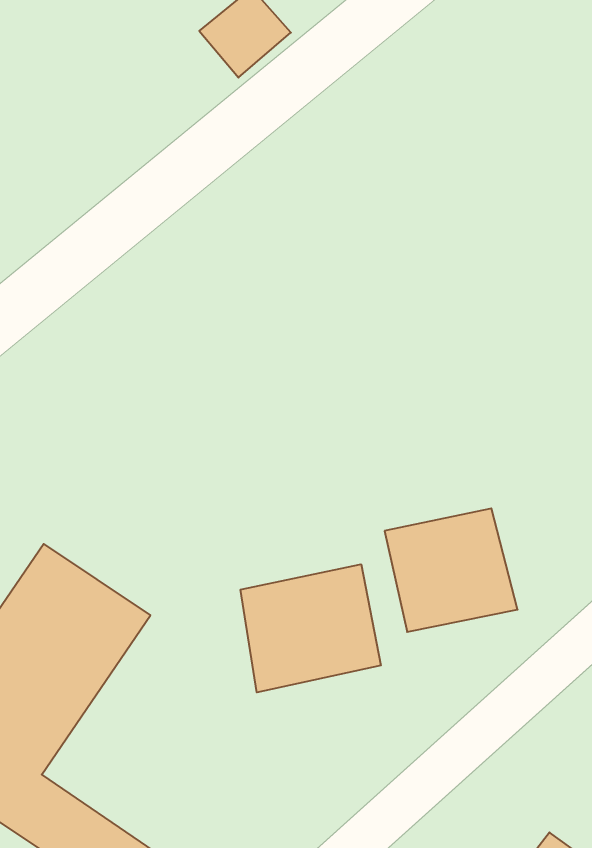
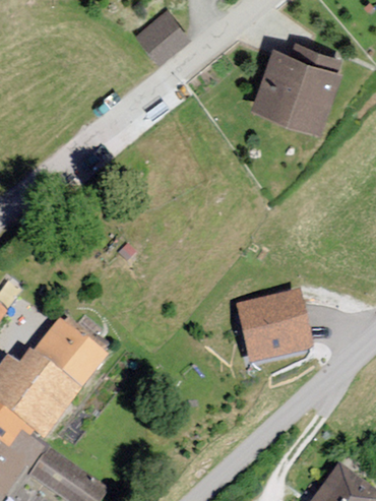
building: none -> [253,49,332,128]
building: [241,564,381,692] -> none

